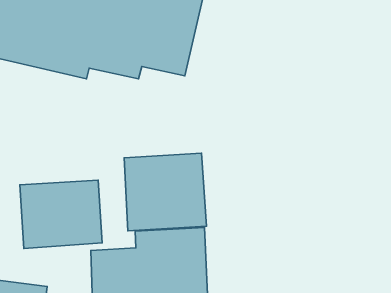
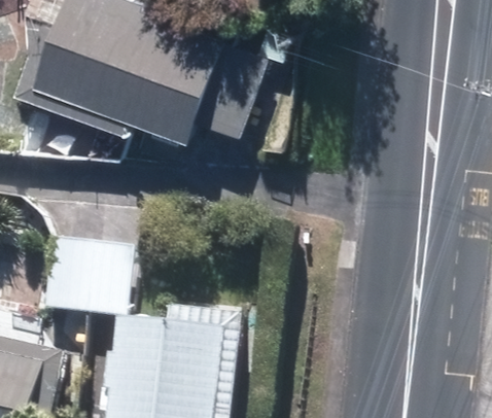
building: [124,153,206,231] -> none

